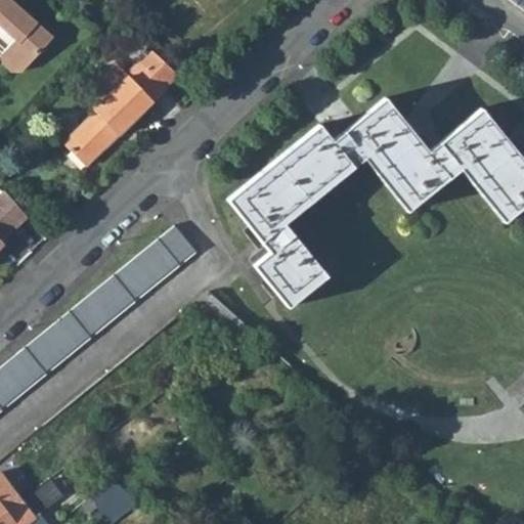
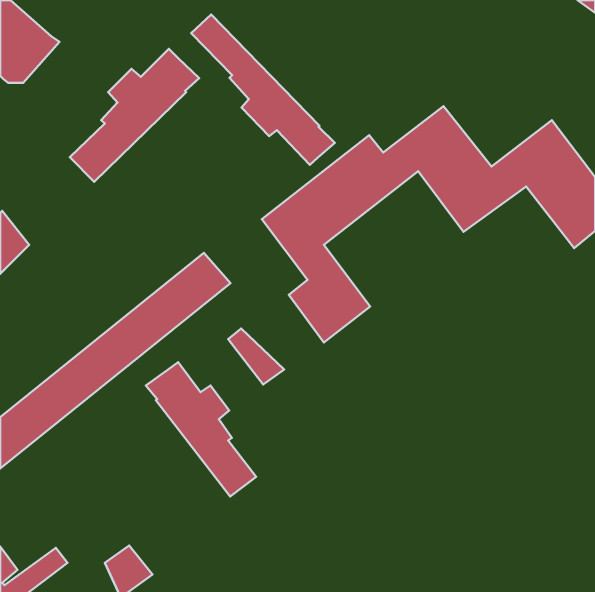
building: none -> [191,15,335,165]
building: none -> [146,362,256,497]

